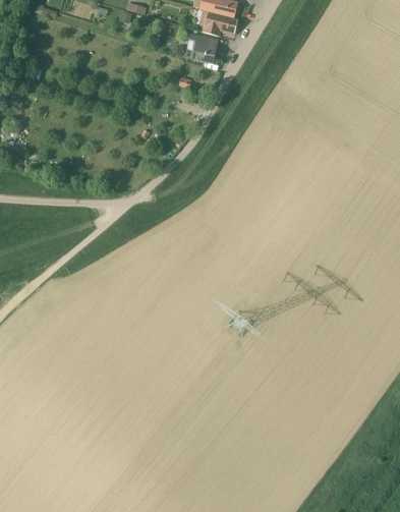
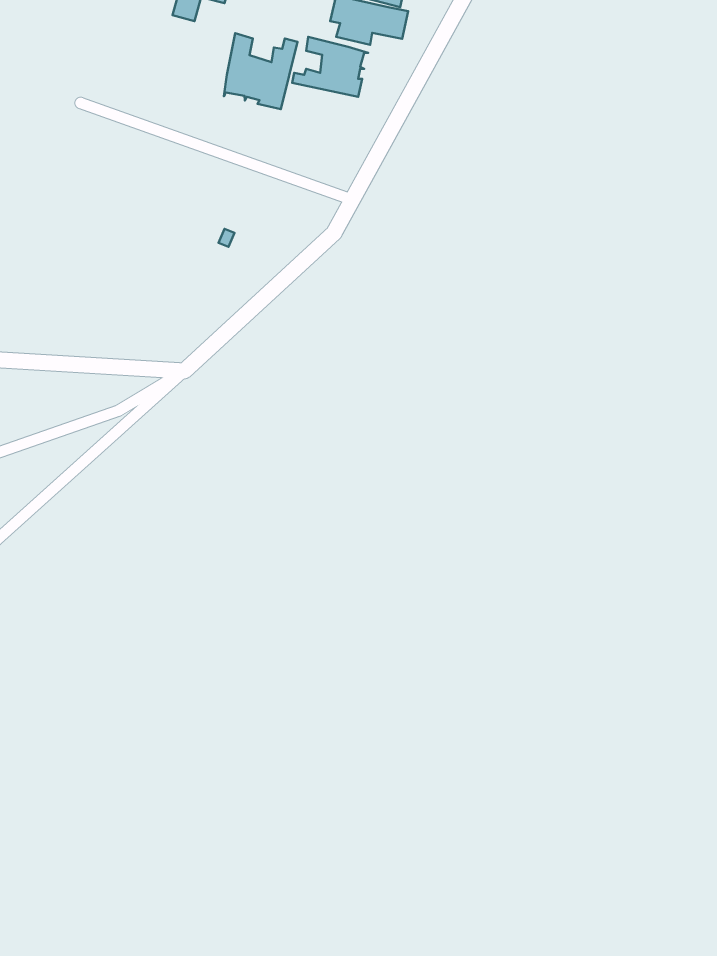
building: none -> [224,33,298,109]

